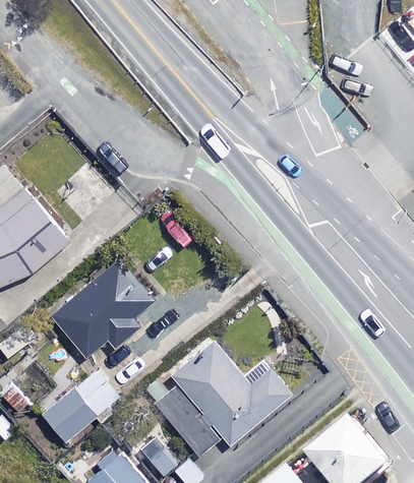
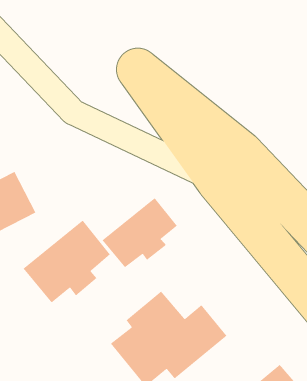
building: none -> [102,197,178,268]
building: [43,367,123,440] -> none

